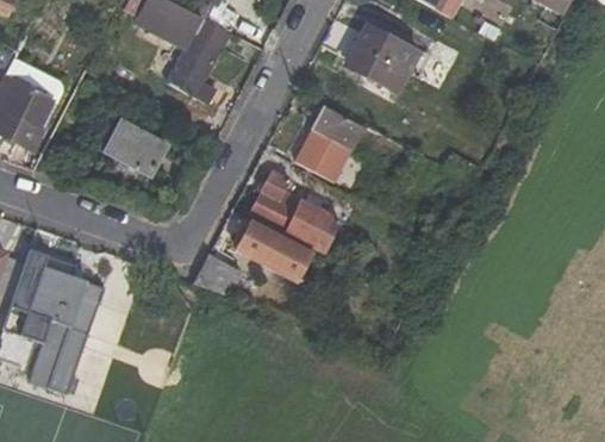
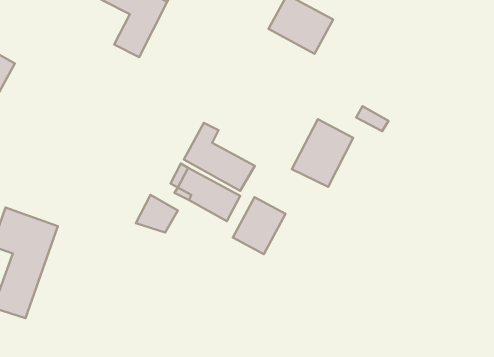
building: [293,105,363,182] -> [292,119,353,187]
building: [105,120,167,175] -> none
building: none -> [233,197,286,254]

